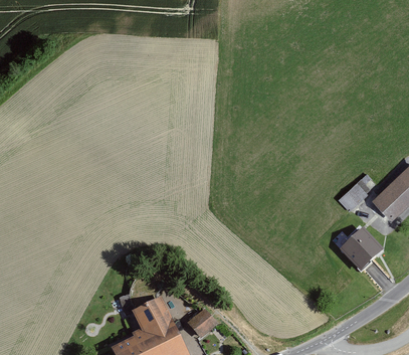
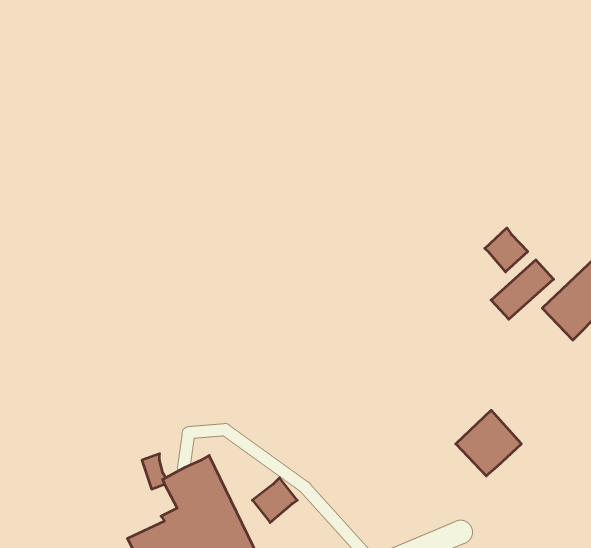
building: none -> [485,228,528,272]
building: [342,228,383,270] -> [456,410,521,476]

